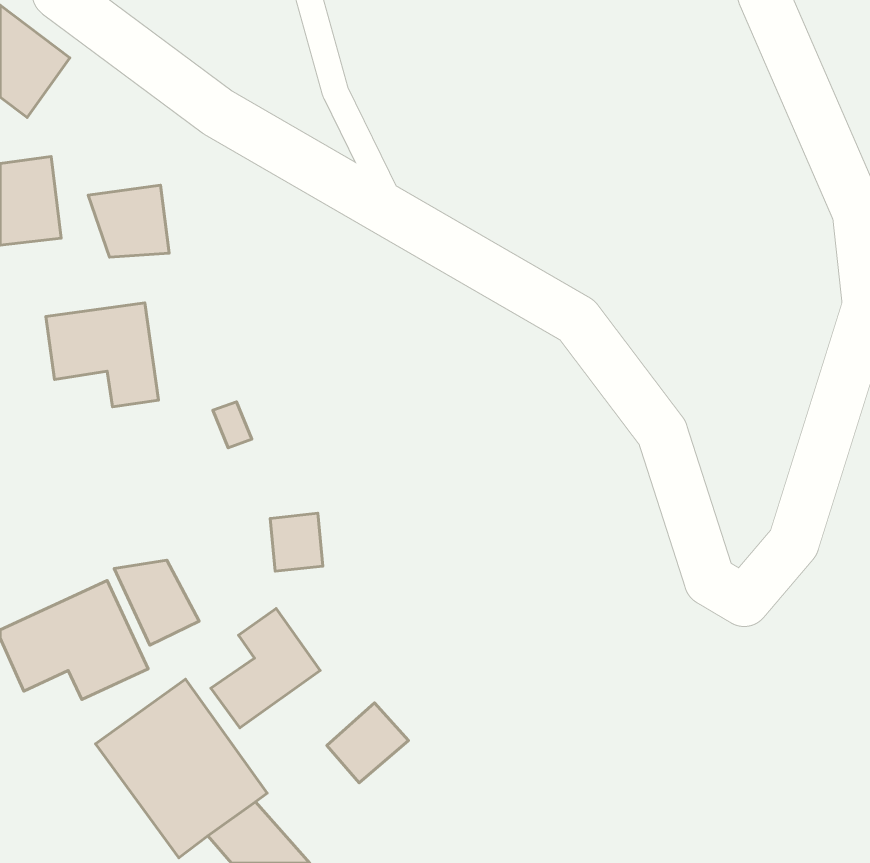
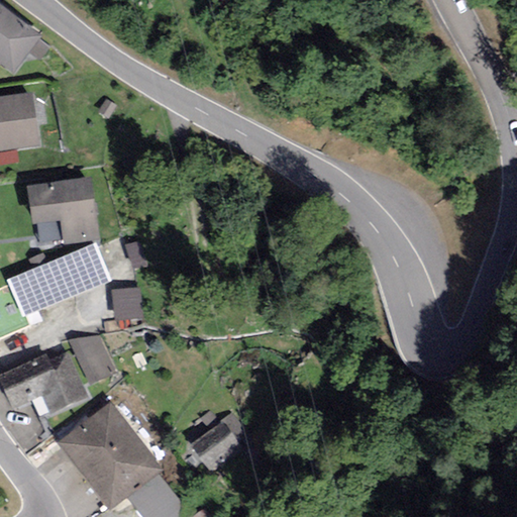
building: [88,185,169,257] -> none
building: none -> [8,243,112,316]
building: [270,513,323,571] -> [112,285,143,319]
building: [211,609,320,728] -> none

